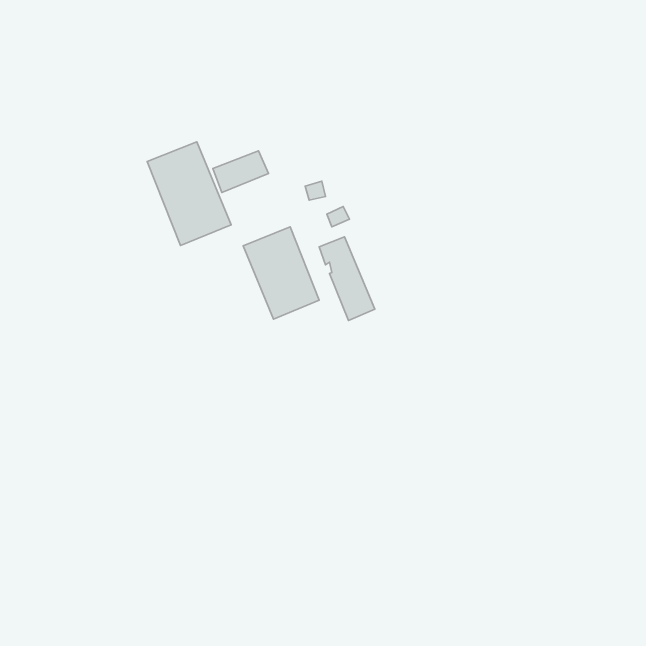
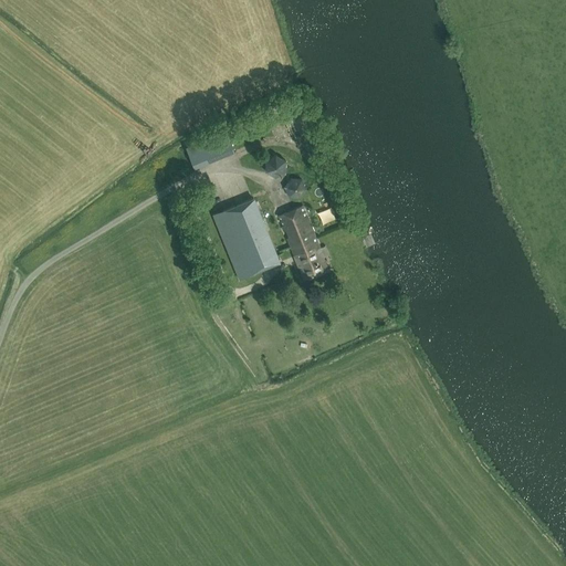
building: [147,142,231,245] -> none

